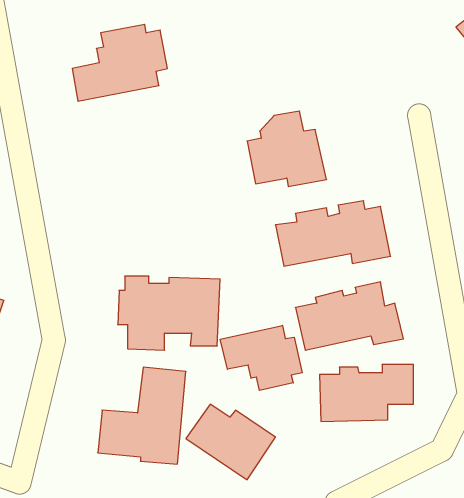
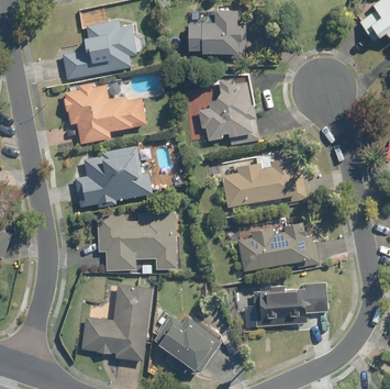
building: none -> [188,9,247,53]
building: none -> [63,80,147,144]
building: none -> [76,148,153,208]
building: [220,325,302,390] -> none

